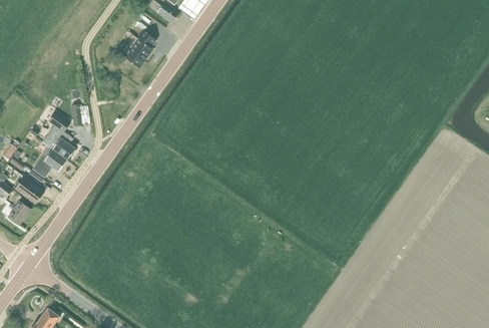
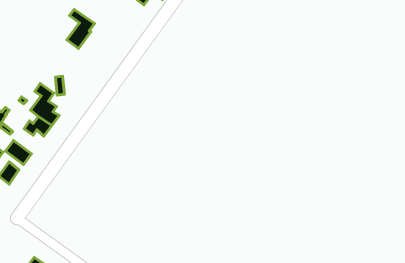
building: [125,24,156,68] -> [67,9,95,49]

